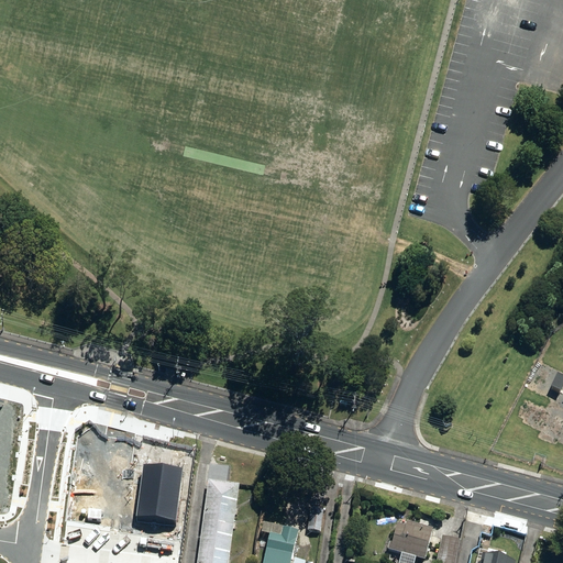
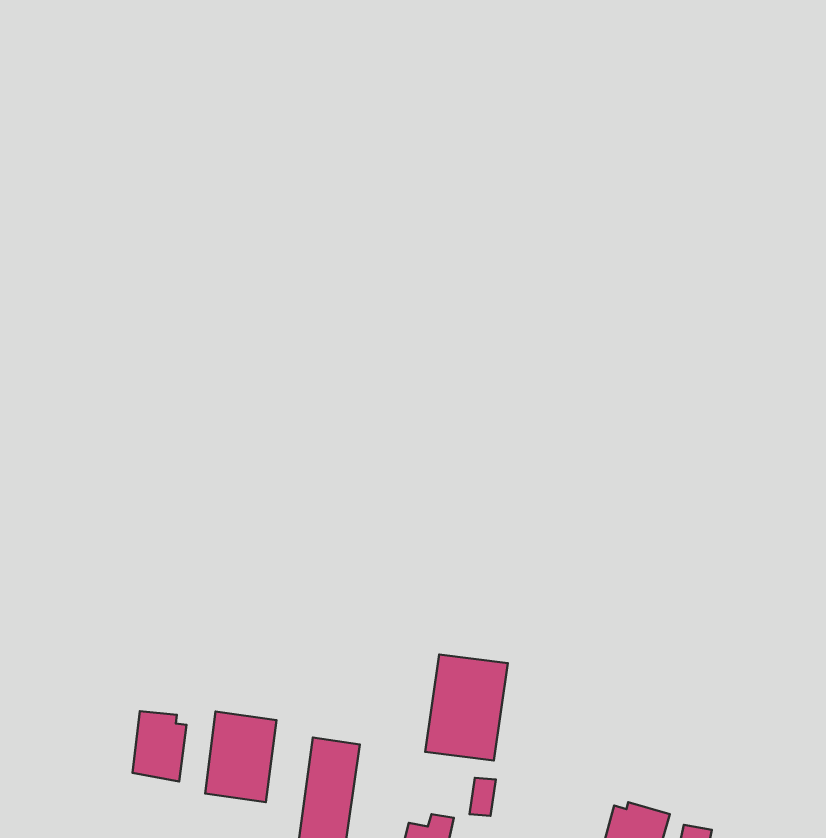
building: none -> [425,655,508,760]
building: none -> [133,711,187,781]

